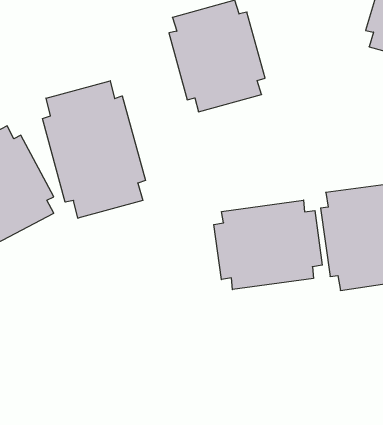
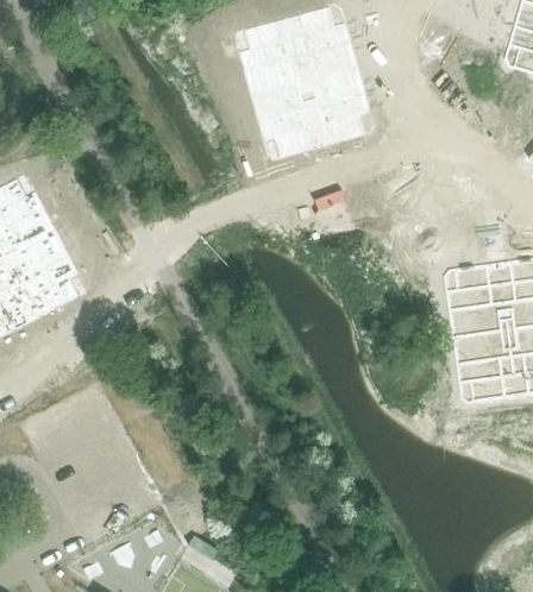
building: [43,81,146,218] -> none
building: [214,200,322,290] -> none

